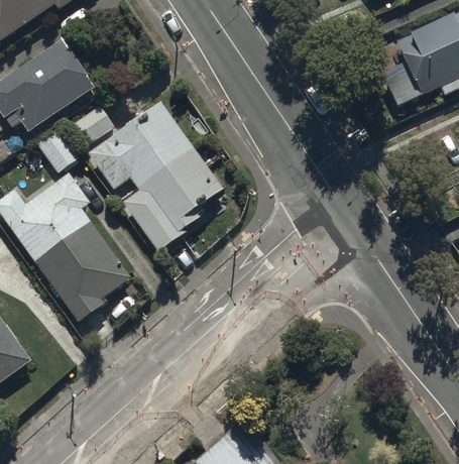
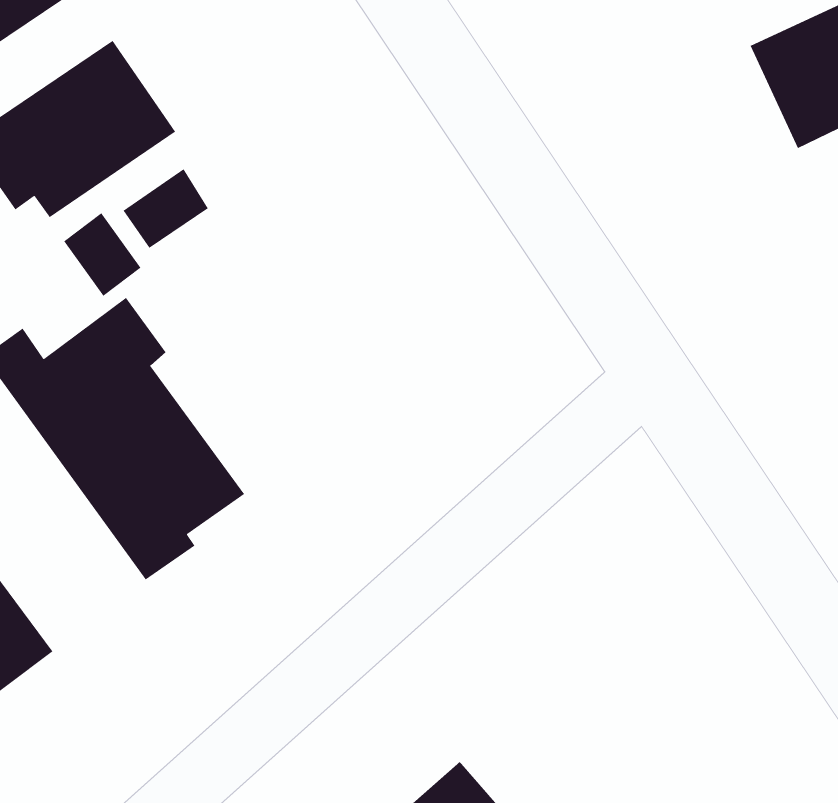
building: [86,101,223,254] -> none

